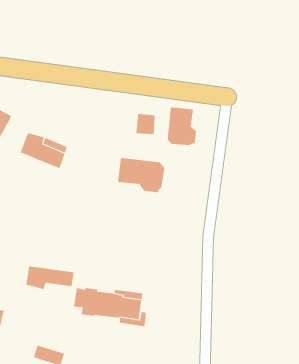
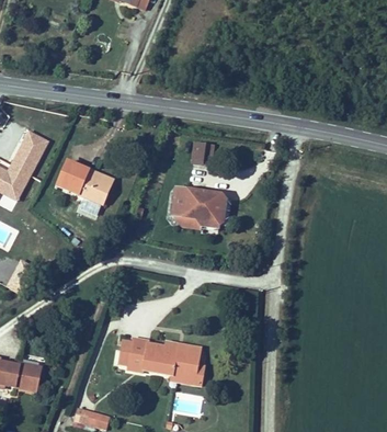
building: [167,106,196,146] -> none
building: [26,265,74,290] -> none

